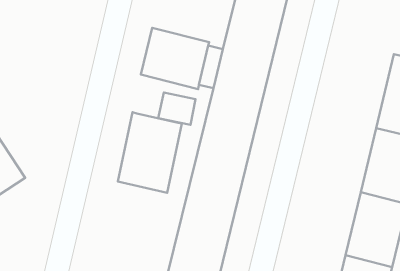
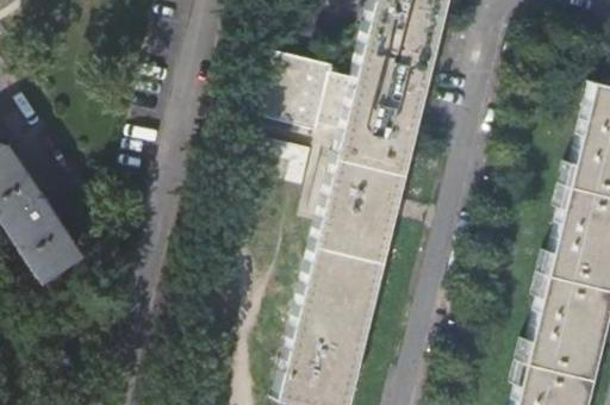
building: [118,112,182,193] -> none

